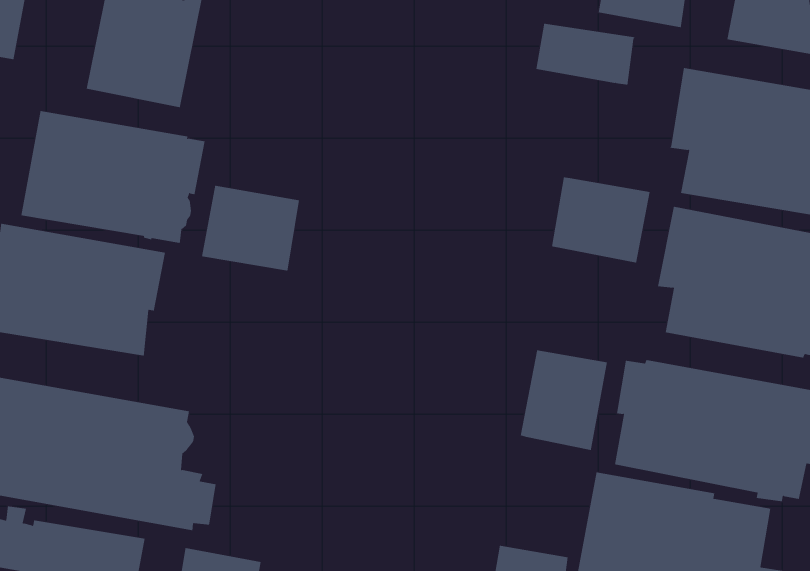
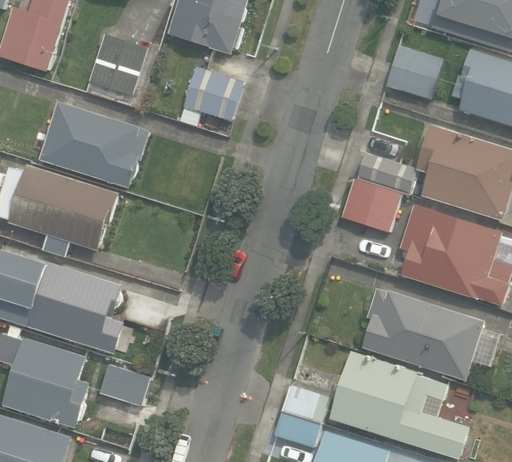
building: [536,23,636,85] -> [357,153,417,195]
building: [201,185,300,271] -> [183,67,244,122]
building: [520,350,607,451] -> none

